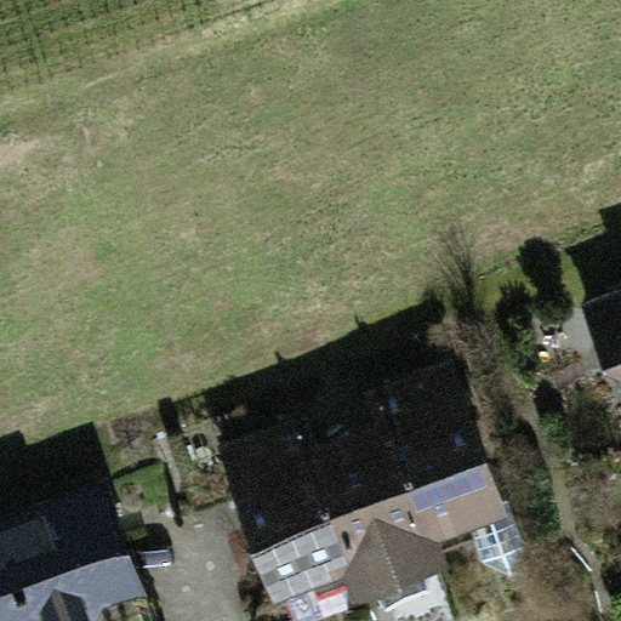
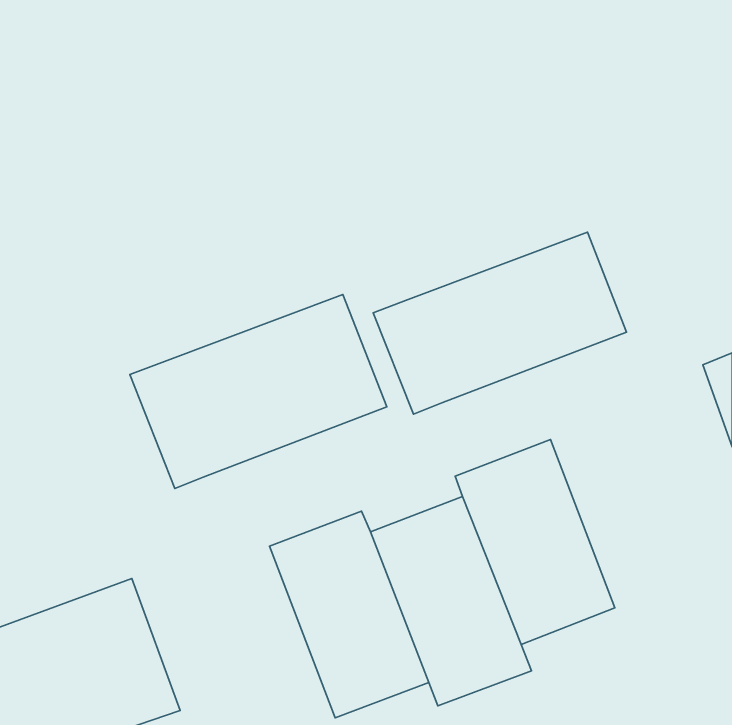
building: none -> [373,232,626,414]
building: none -> [130,294,387,488]

